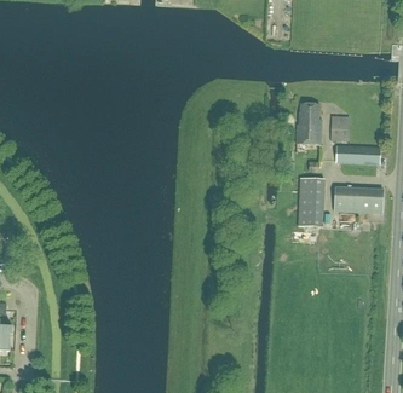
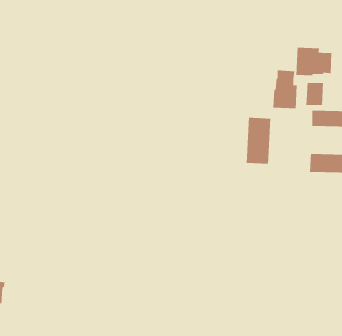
building: none -> [296,47,332,76]
building: [298,177,324,226] -> [246,117,271,164]

